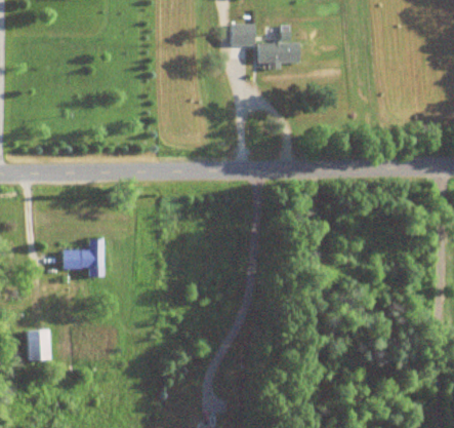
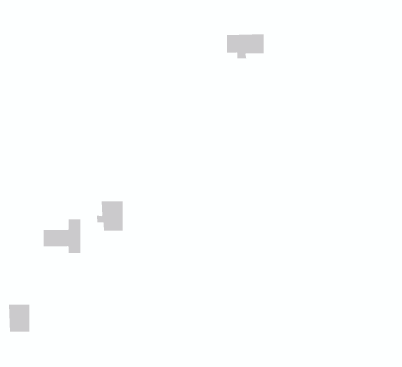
building: [231,23,255,44] -> none
building: none -> [97,200,123,231]

